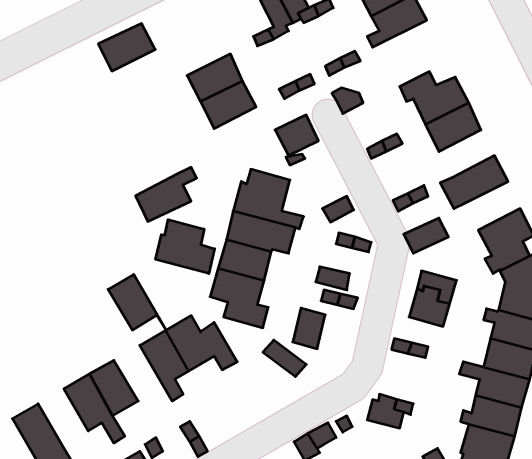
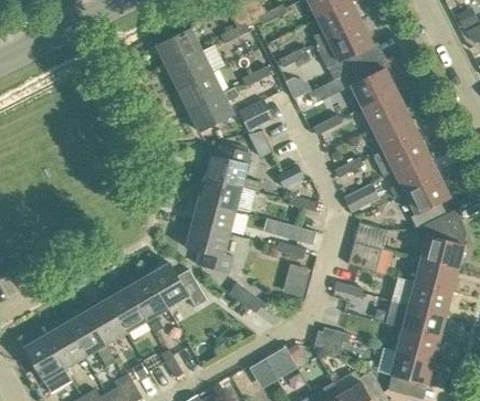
building: none -> [315,22,373,80]
building: [98,24,155,71] -> [155,29,201,67]
building: none -> [372,112,417,150]
building: [136,167,197,221] -> [188,87,238,131]
building: none -> [389,154,438,198]
building: [156,220,215,274] -> none
building: [108,274,166,330] -> [106,287,154,333]
building: [293,308,325,349] -> [285,260,312,293]
building: none -> [44,323,85,369]

